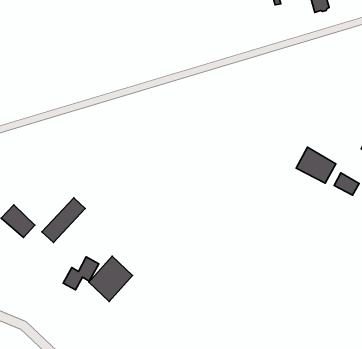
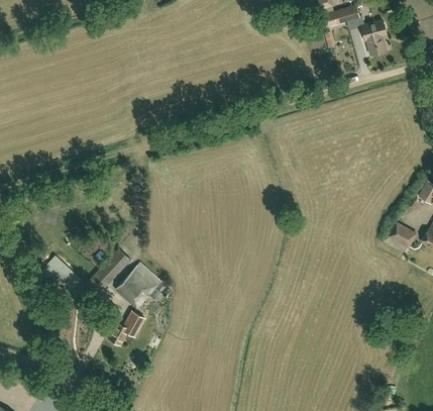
building: [296,147,336,183] -> none
building: [89,256,133,302] -> [116,263,161,310]

